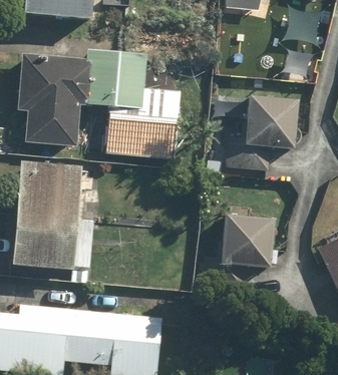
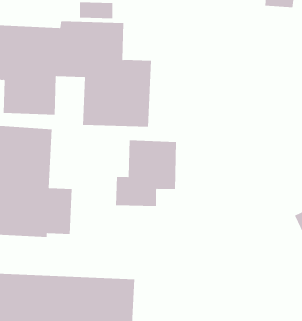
building: [235,98,299,166] -> none
building: [213,217,275,284] -> [115,140,177,206]

